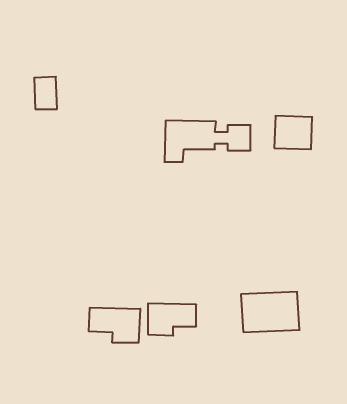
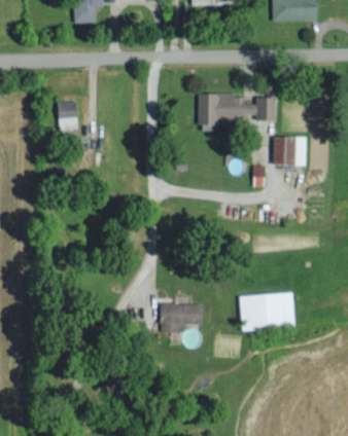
building: [164,121,251,162] -> [199,94,276,131]
building: [89,308,140,343] -> none

